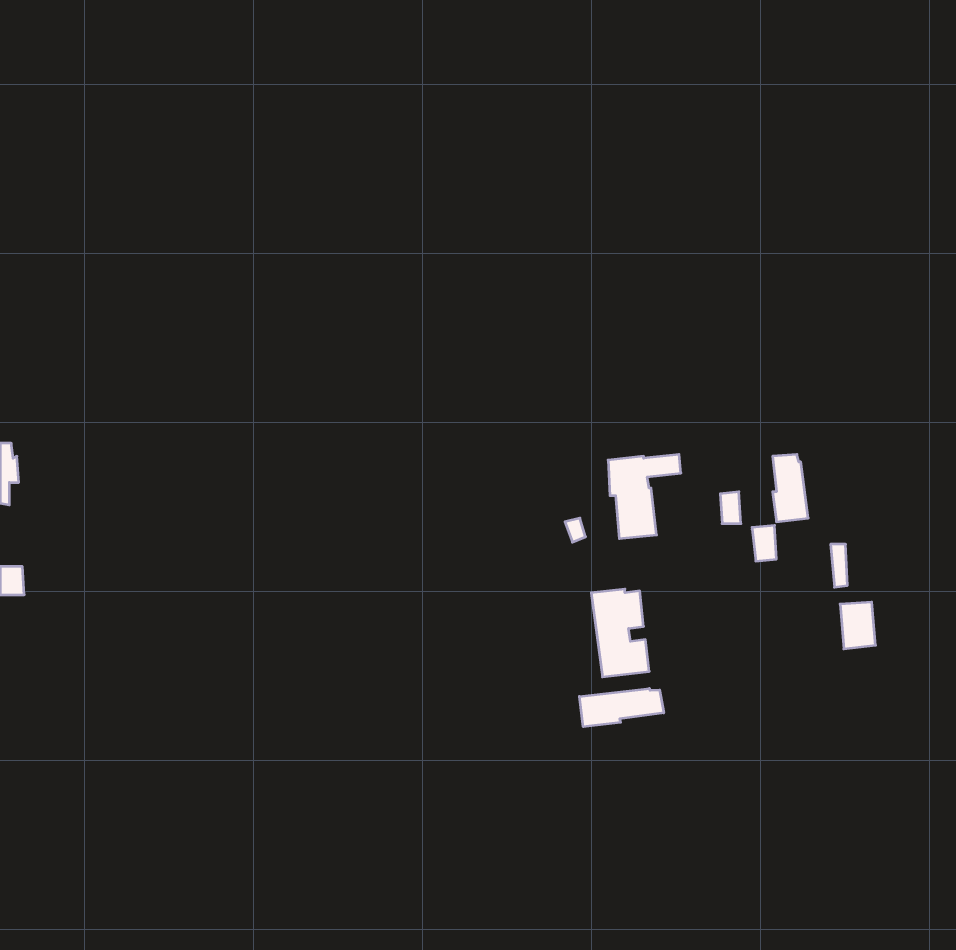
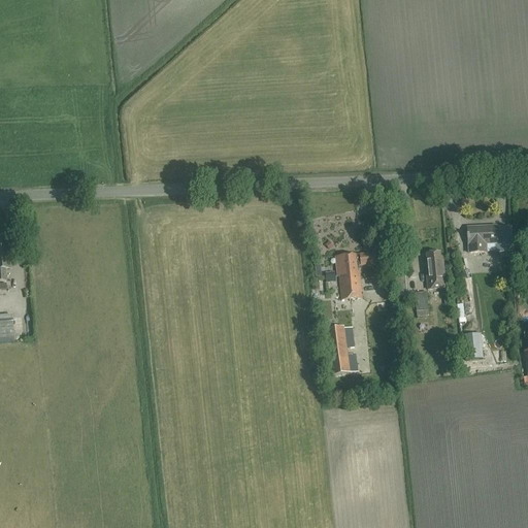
building: none -> [467,225,504,251]
building: [579,688,664,727] -> none

